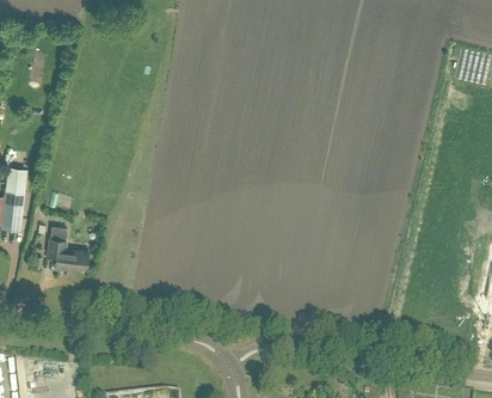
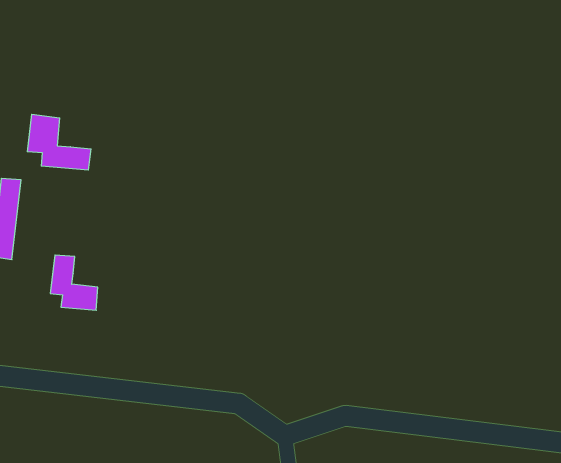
building: none -> [27,114,91,170]

